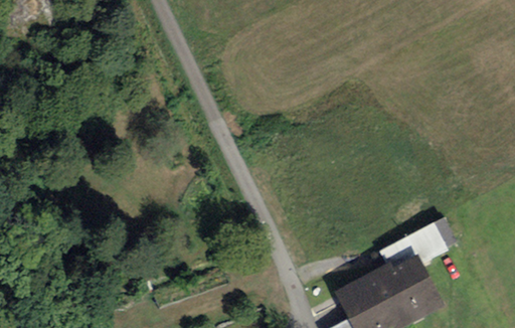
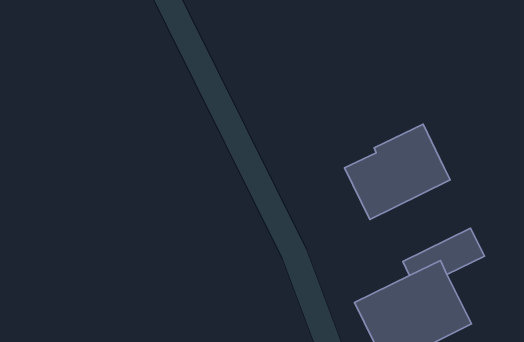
building: none -> [344,124,450,220]

